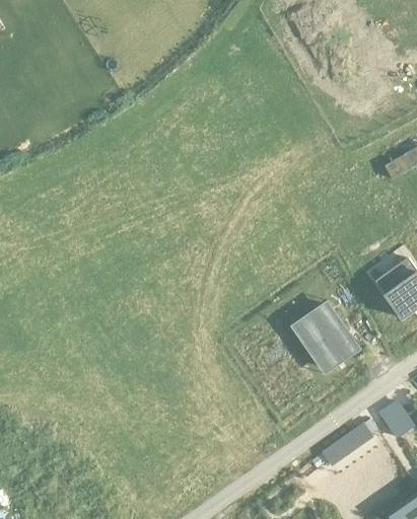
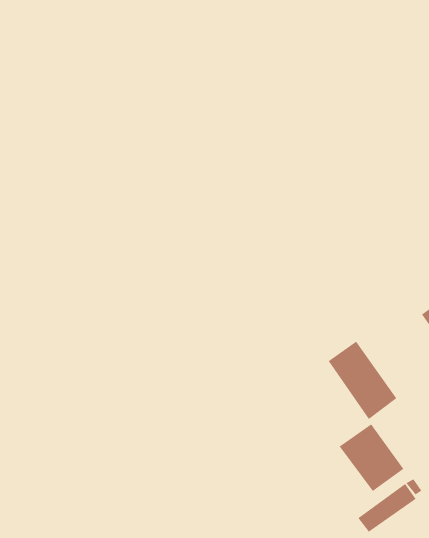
building: none -> [339,424,404,492]

